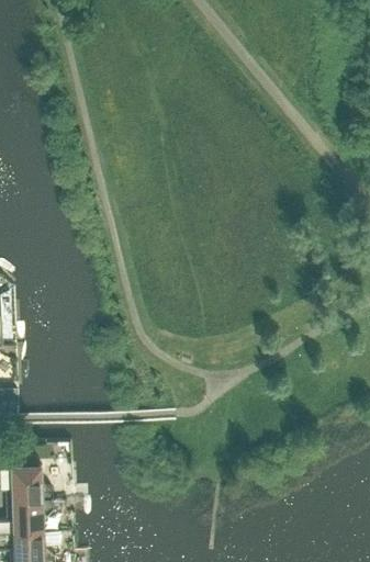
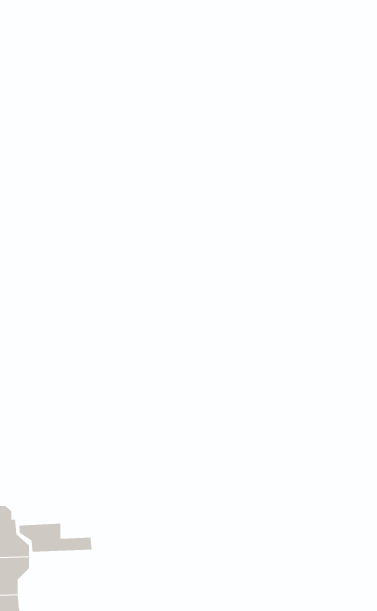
building: none -> [16,523,92,553]

